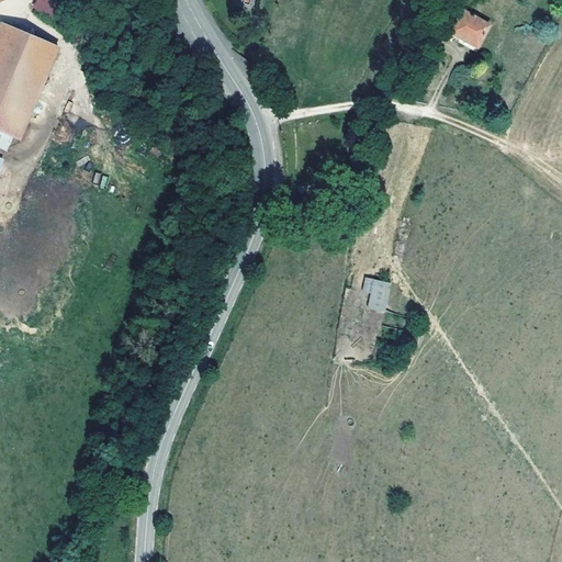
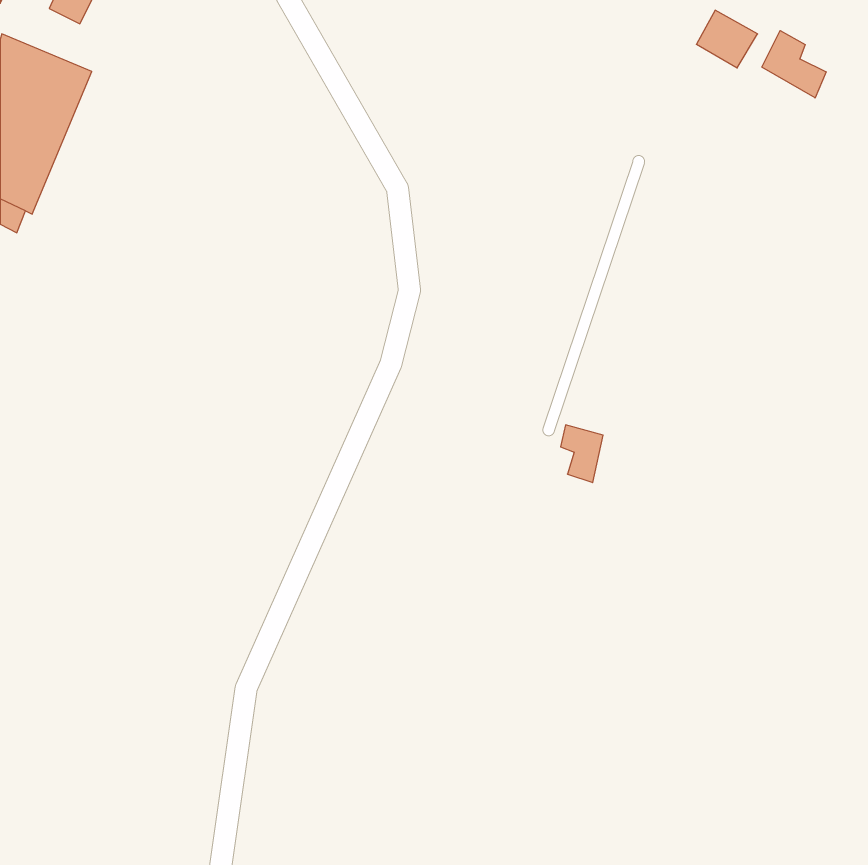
building: none -> [762,31,826,98]

